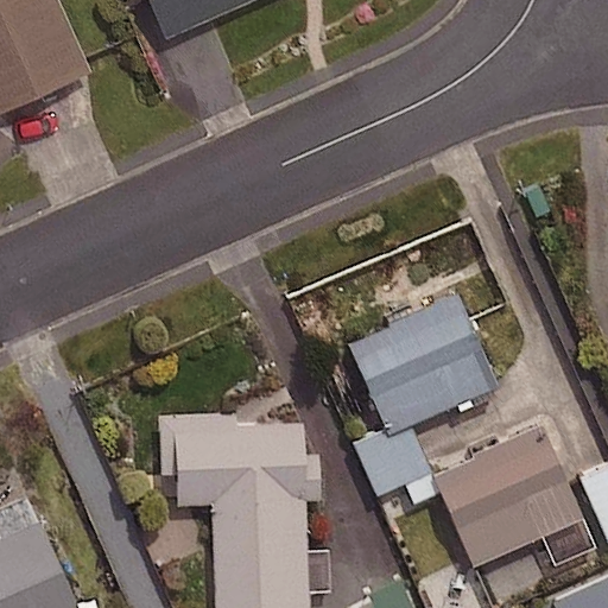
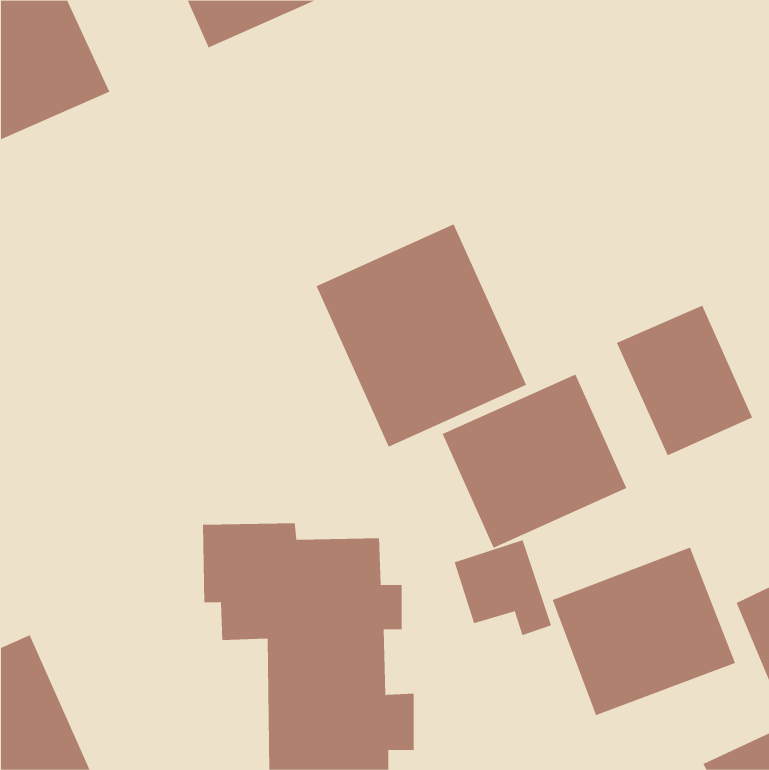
building: none -> [316,224,527,448]
building: none -> [616,305,753,456]

